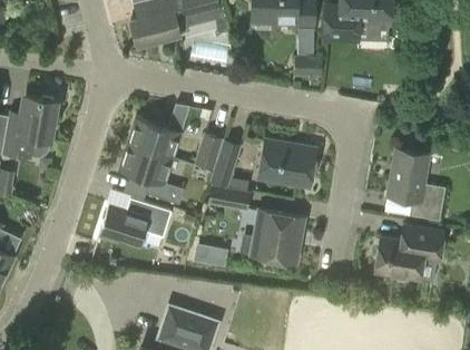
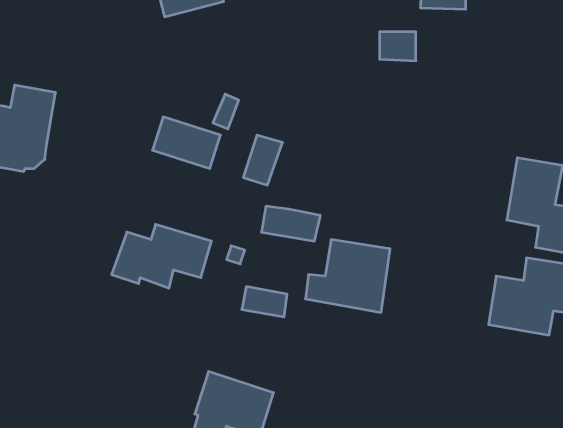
building: [209,139,242,187] -> none
building: [257,139,314,186] -> none
building: [119,144,184,204] -> none

